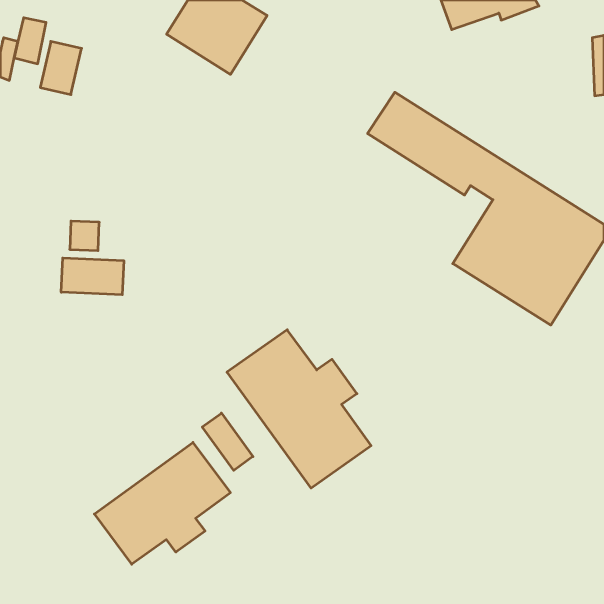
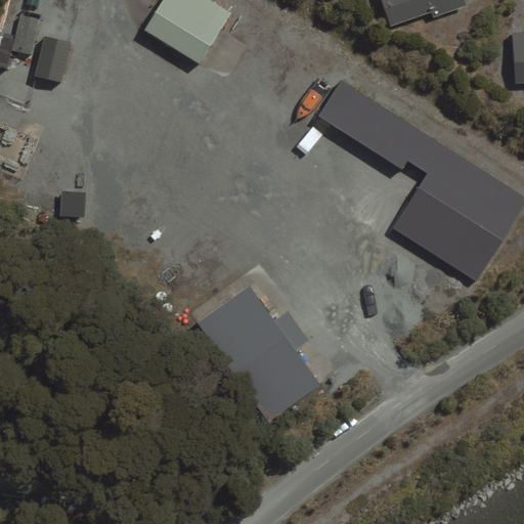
building: [61,258,124,295] -> none
building: [202,413,253,470] -> none
building: [94,442,230,564] -> none

